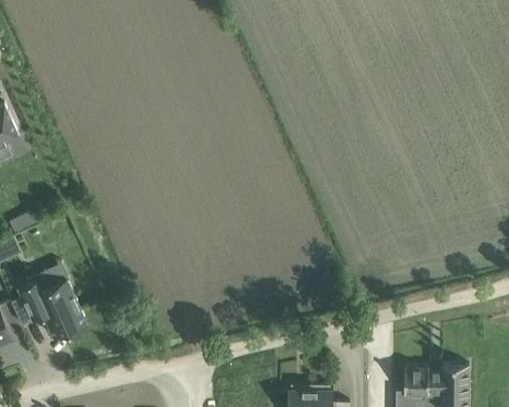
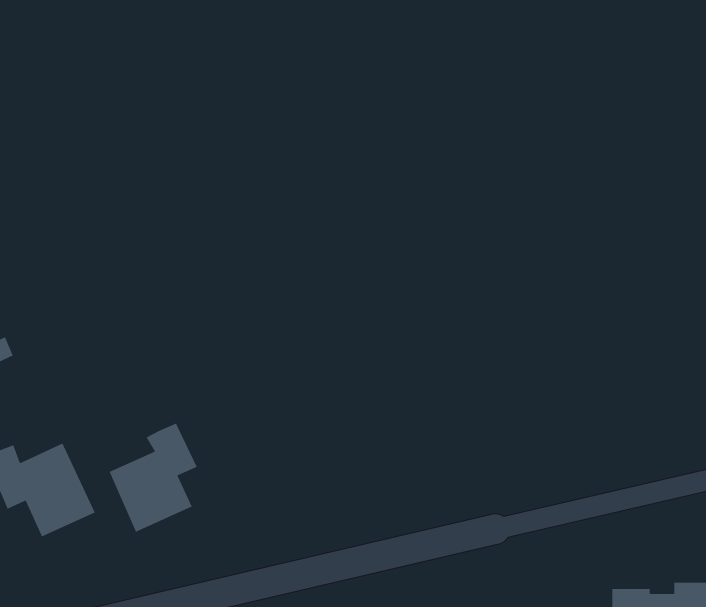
building: none -> [109,423,198,533]

